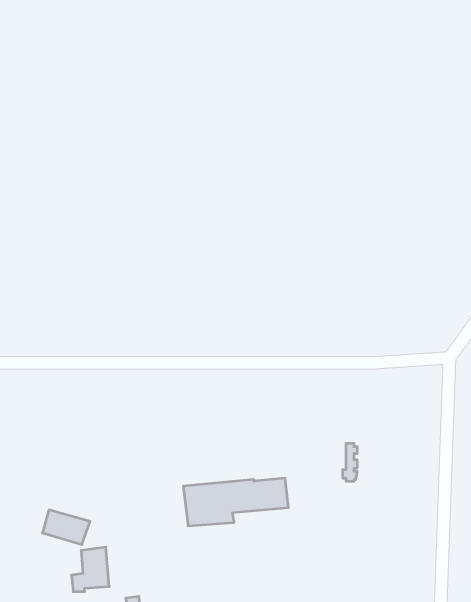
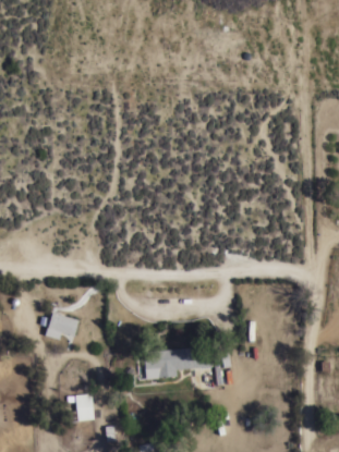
building: [42,510,90,545] -> [47,313,78,335]

